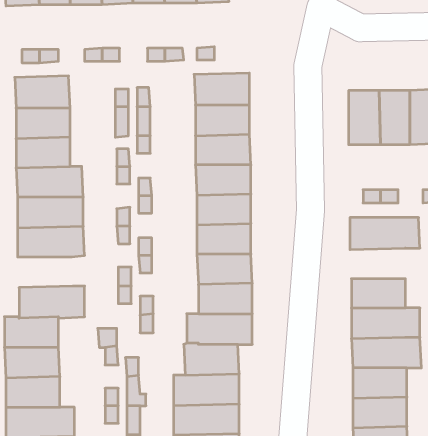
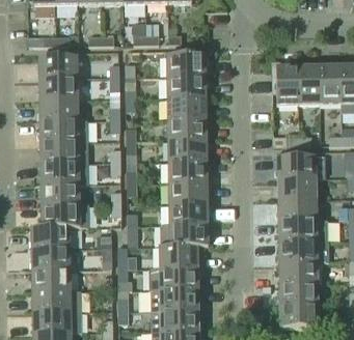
building: none -> [277,177,317,199]
building: none -> [40,183,80,205]

